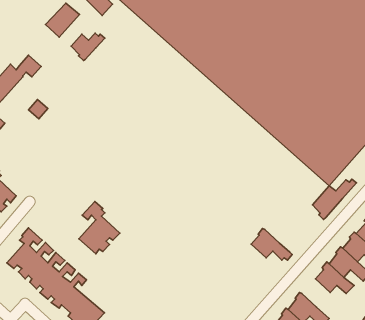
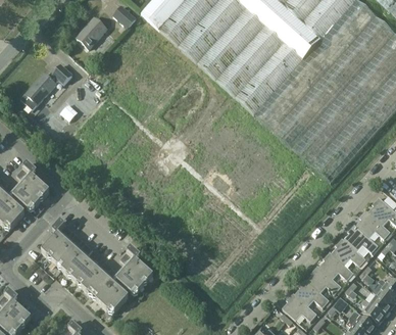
building: [71,33,105,61] -> none
building: [313,179,356,219] -> none
building: [79,202,120,254] -> [116,246,153,293]
building: [251,228,292,260] -> [306,265,343,293]

